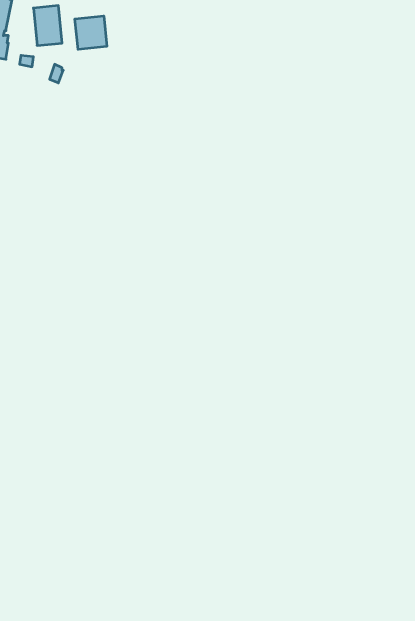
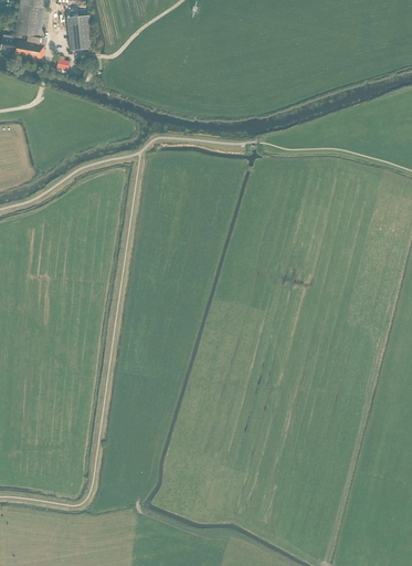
building: [75,16,107,49] -> none

